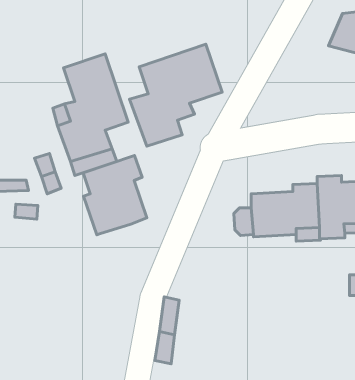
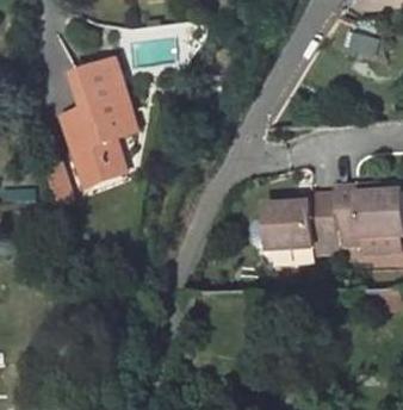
building: [129,44,222,146] -> none
building: [83,155,147,235] -> none

